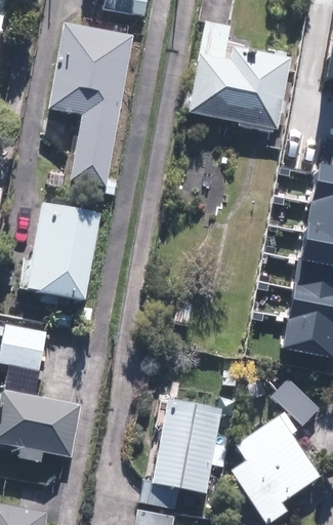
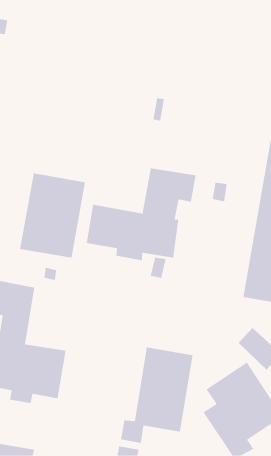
building: [183,21,290,129] -> none
building: [49,24,133,188] -> none
building: none -> [86,167,196,261]

